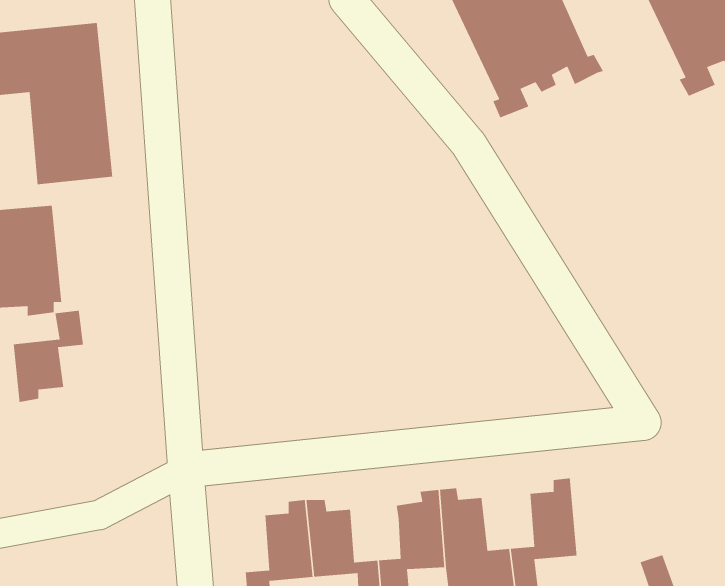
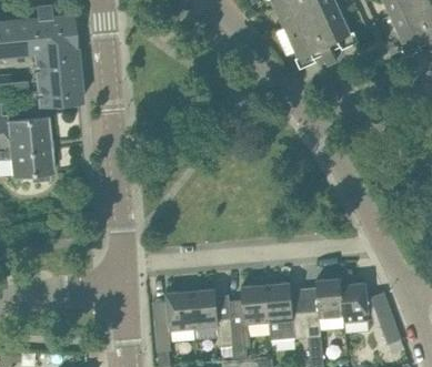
building: [13,310,84,403] -> none
building: none -> [340,271,369,323]

